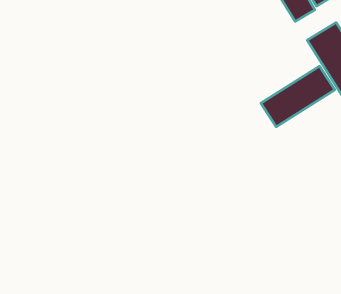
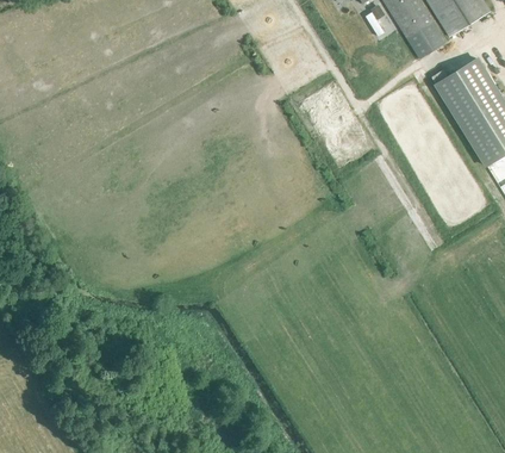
building: [261,66,335,127] -> none

